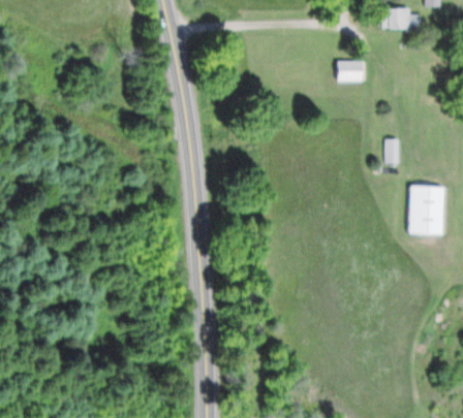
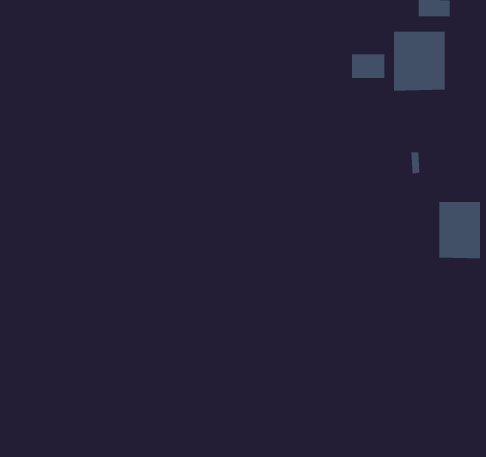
building: none -> [393,31,445,91]

